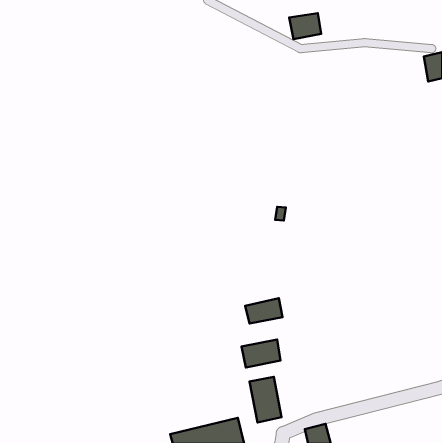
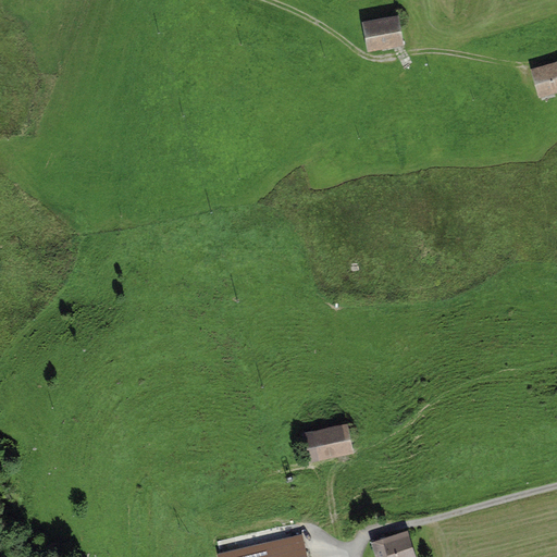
building: [245,298,282,324] -> none
building: [249,377,282,422] -> none

